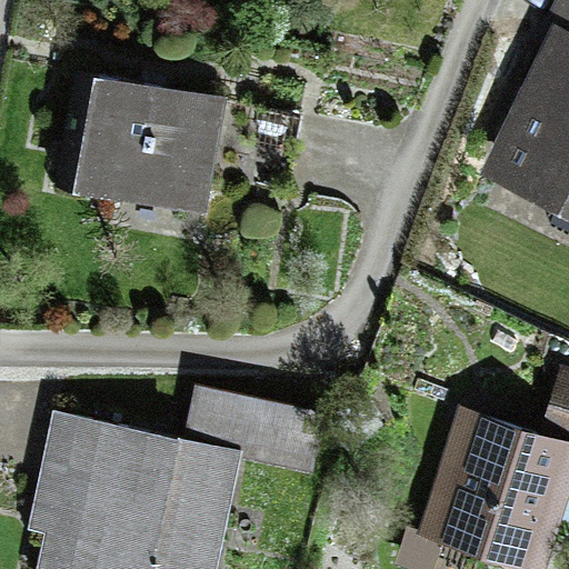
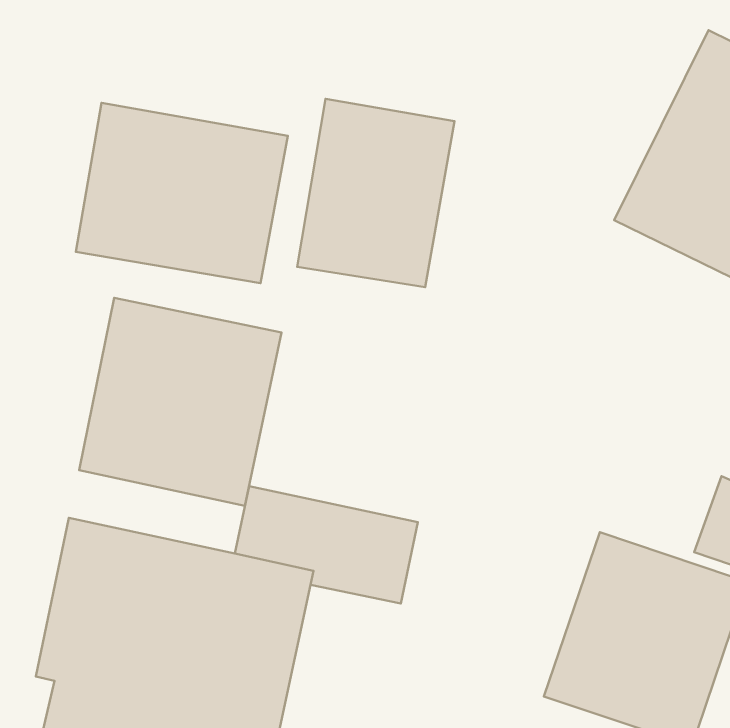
building: none -> [297,99,454,287]
building: none -> [79,298,282,506]

